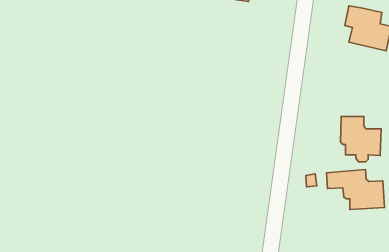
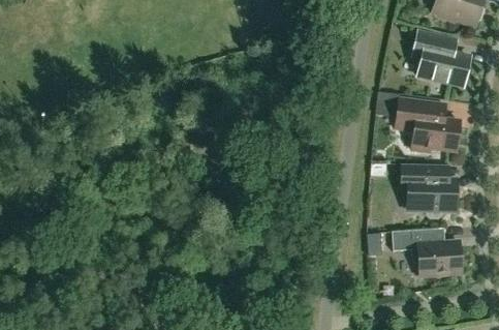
building: none -> [396,98,460,151]

